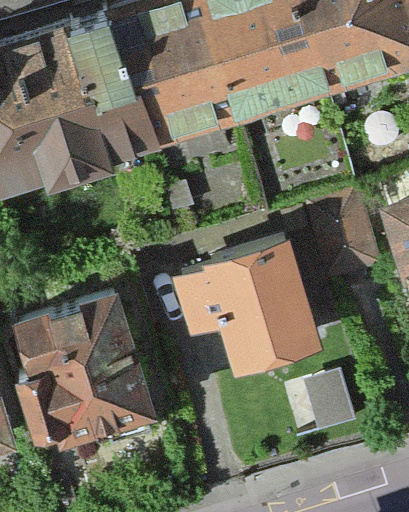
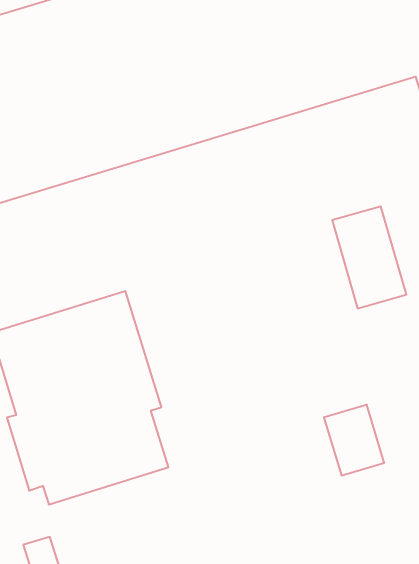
building: [171,238,323,373] -> none

